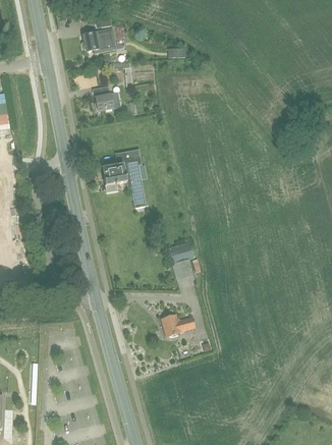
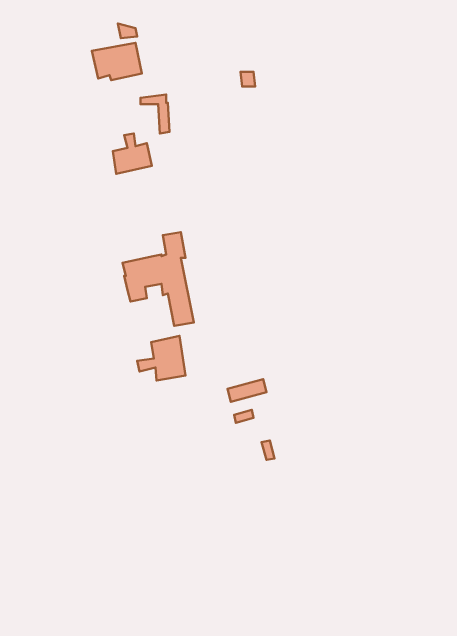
building: none -> [137,336,185,380]
building: [160,315,195,337] -> none

